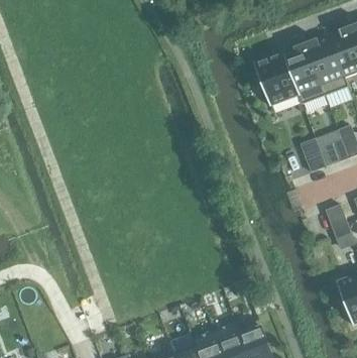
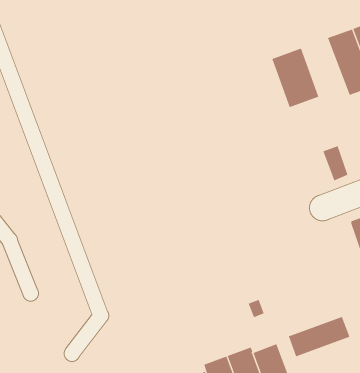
building: [281,42,325,104] -> none
building: none -> [288,316,350,357]

